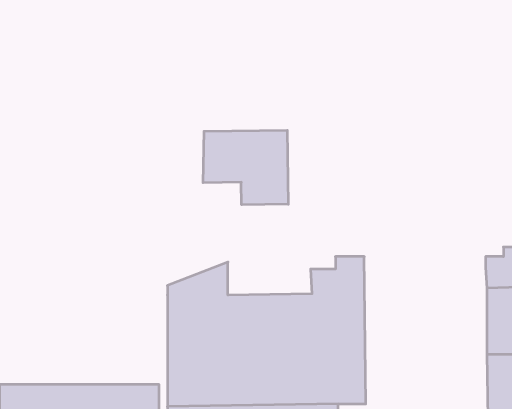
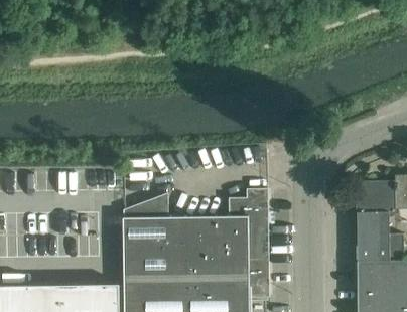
building: [203,130,288,205] -> none

